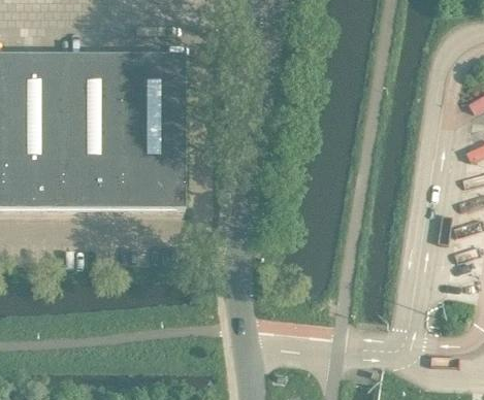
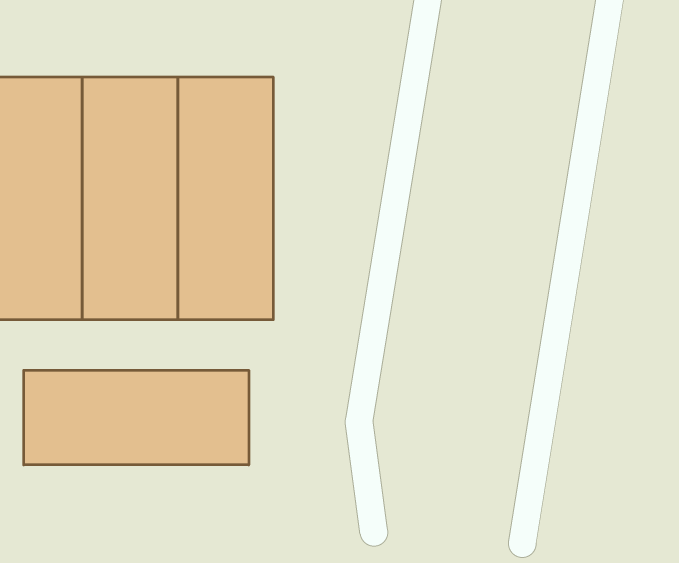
building: none -> [24,370,249,465]

